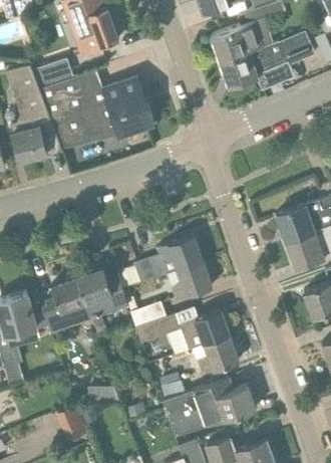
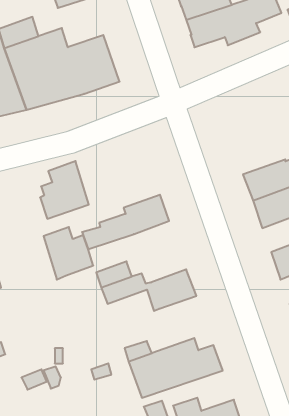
building: [168,261,212,300] -> none
building: [43,276,91,333] -> [40,161,89,219]
building: [193,335,239,375] -> none

